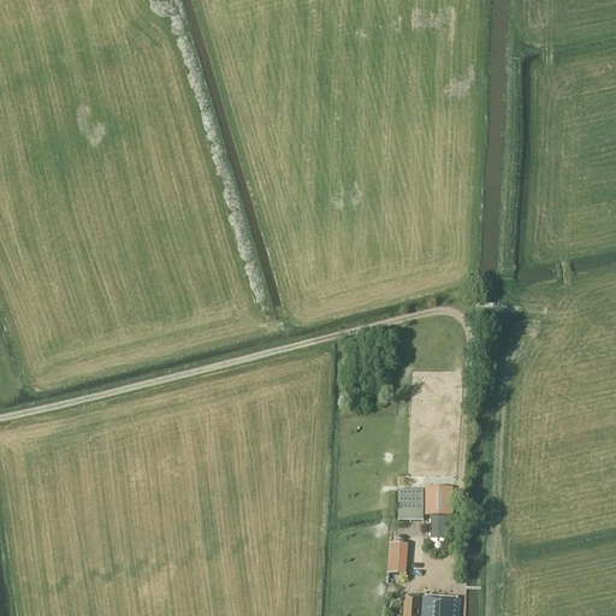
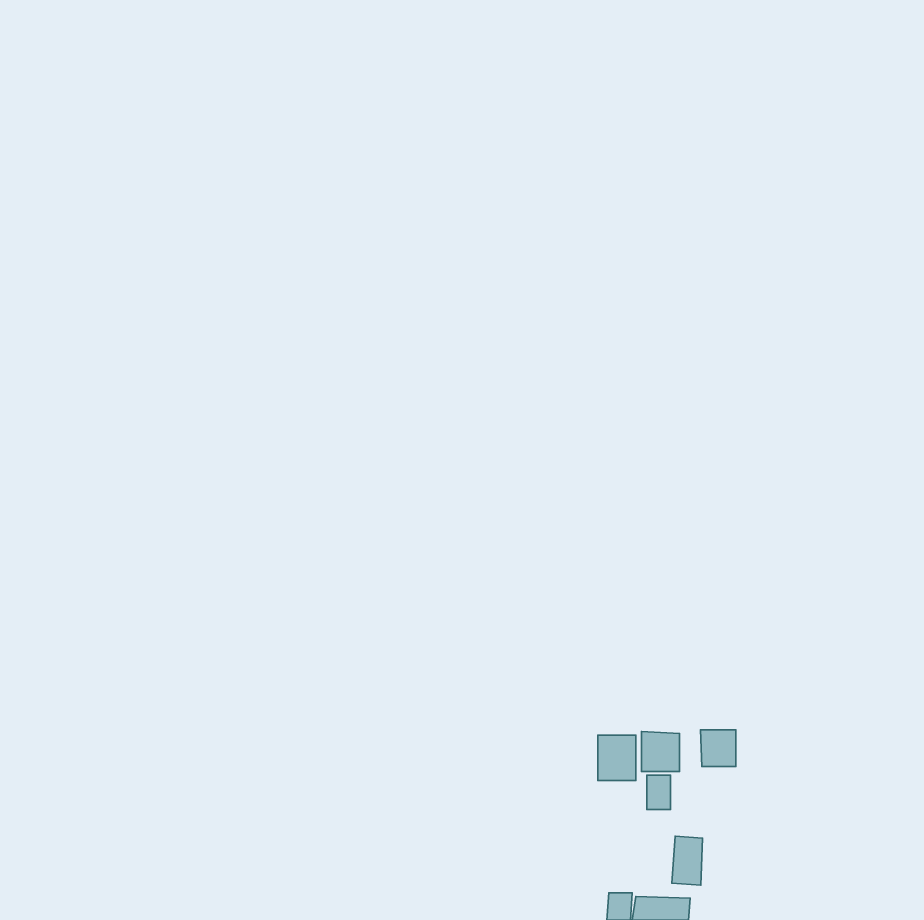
building: none -> [700,730,736,767]
building: [387,541,408,574] -> [672,836,702,885]

